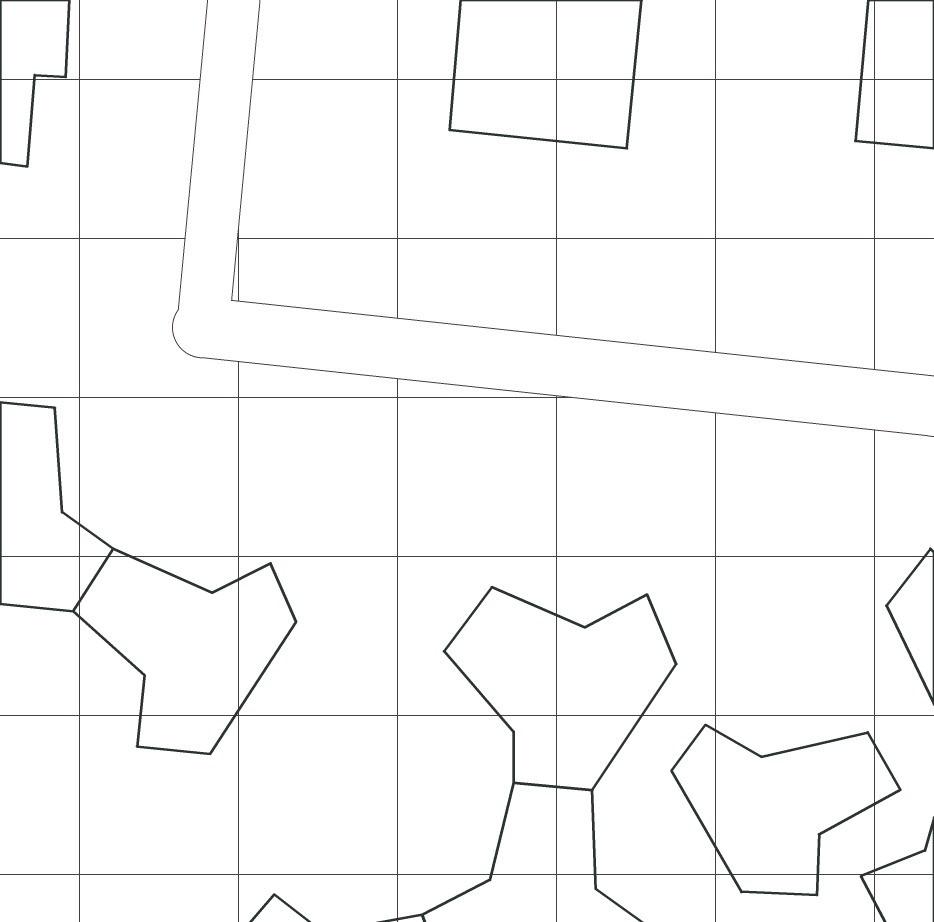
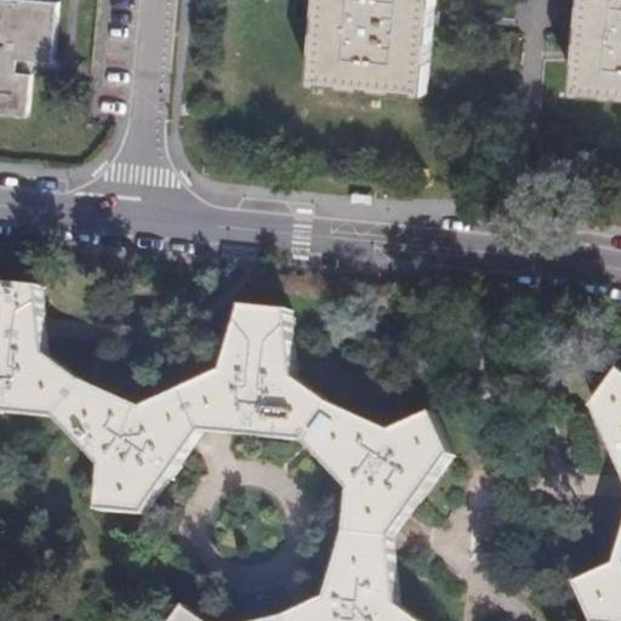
building: none -> [180,295,326,440]
building: [672,725,900,895] -> none

